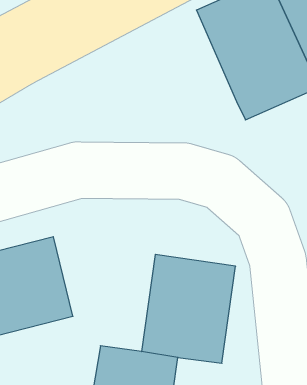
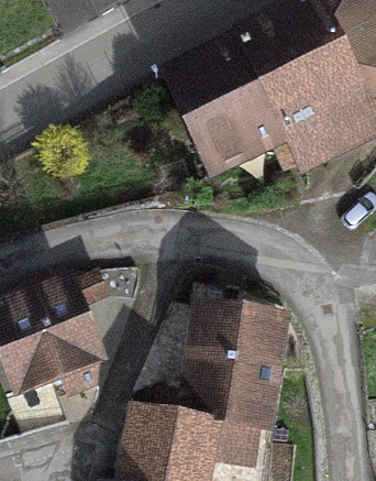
building: none -> [167,36,287,172]

